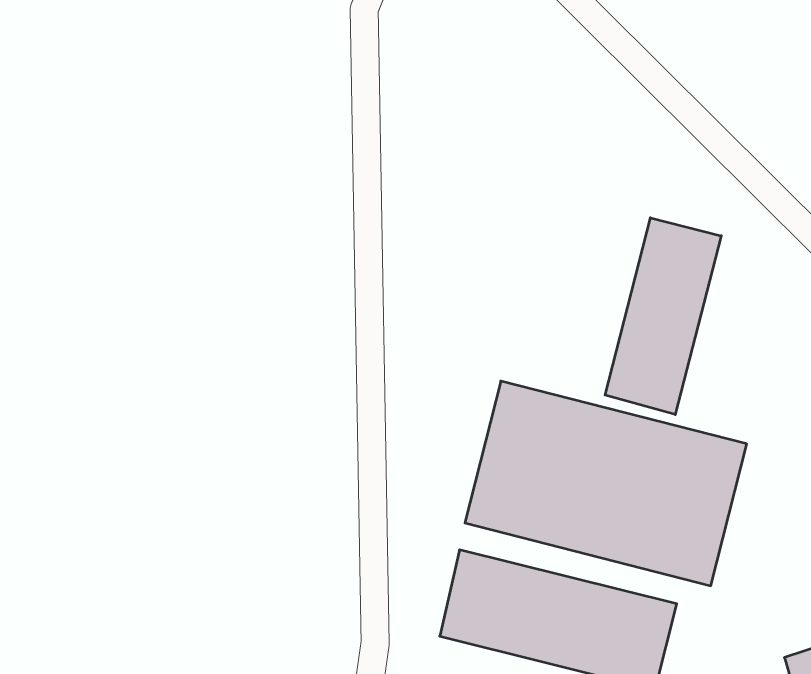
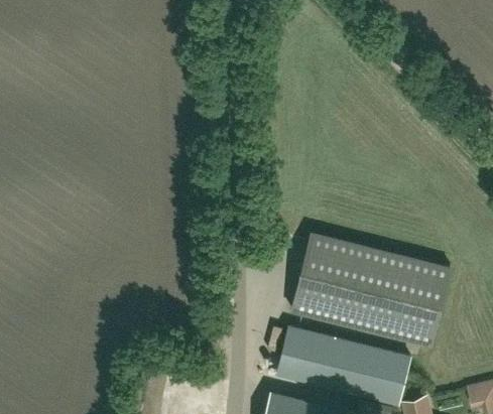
building: [605,218,721,415] -> none

